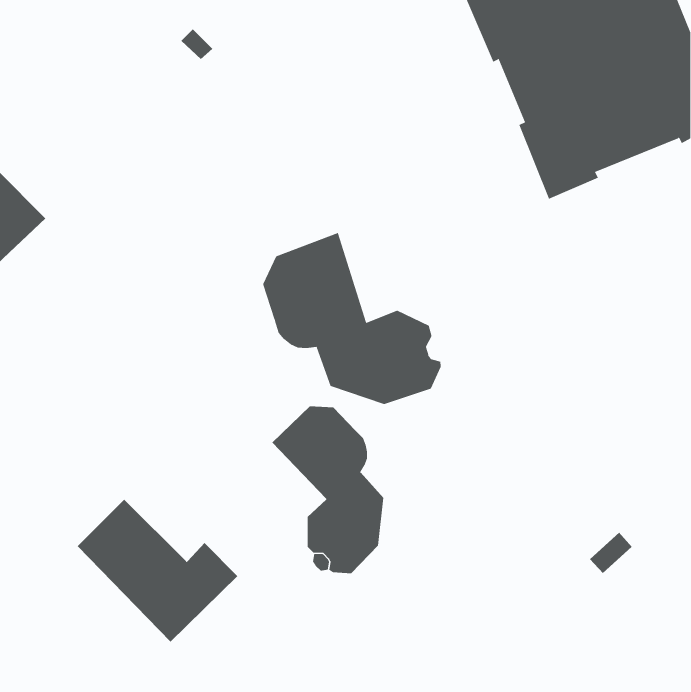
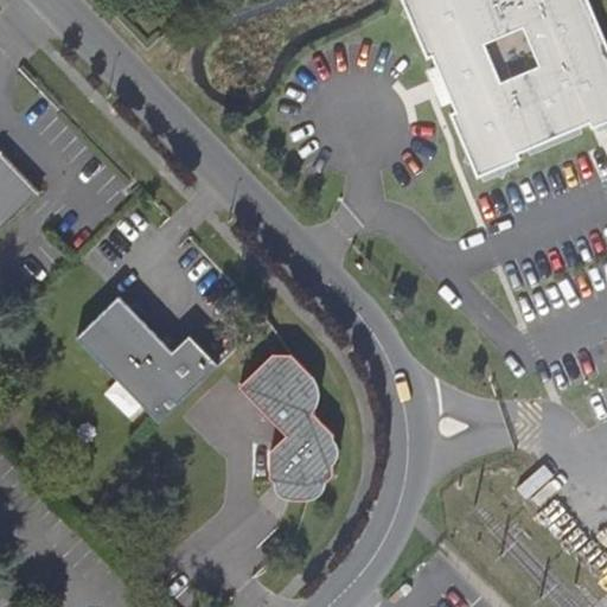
building: [263,232,441,405] -> none
building: [77,499,238,643] -> [76,296,217,422]

